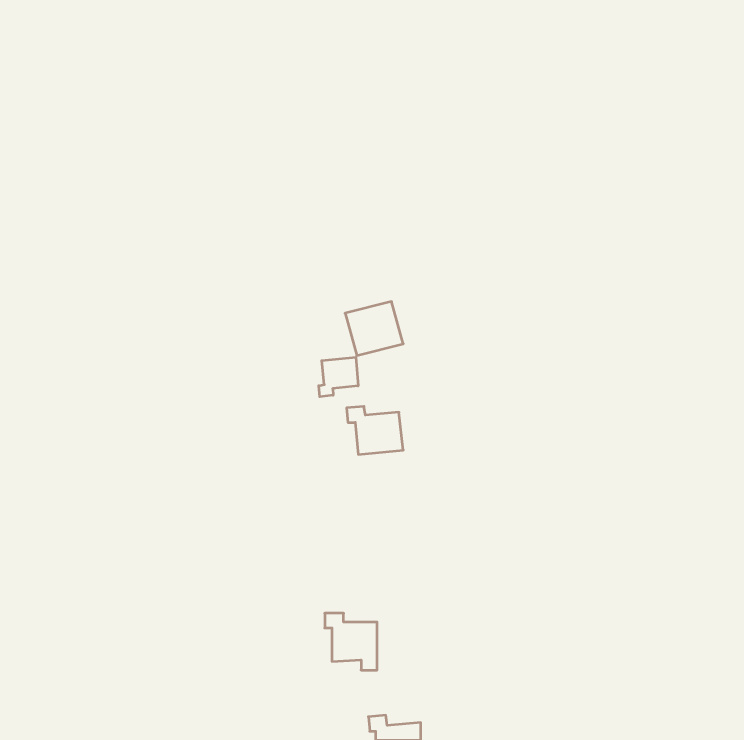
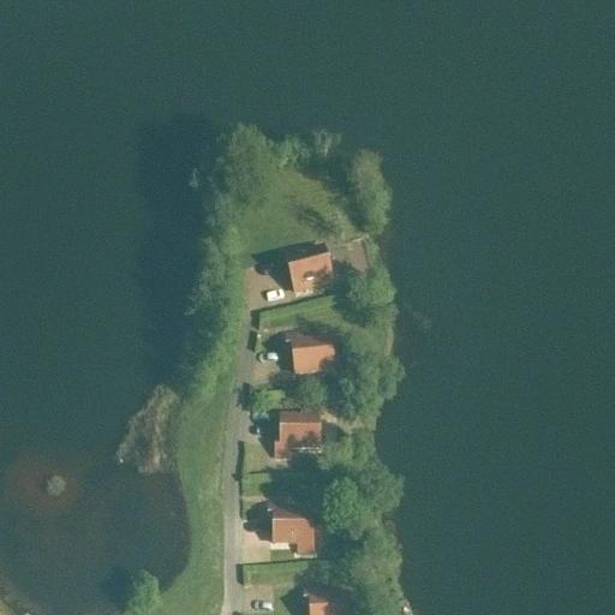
building: [319,357,358,397] -> none
building: none -> [275,410,318,458]

